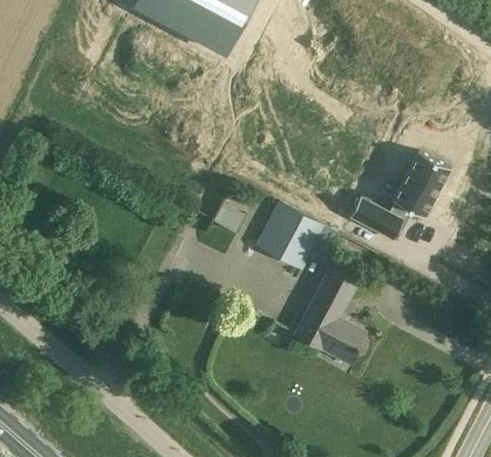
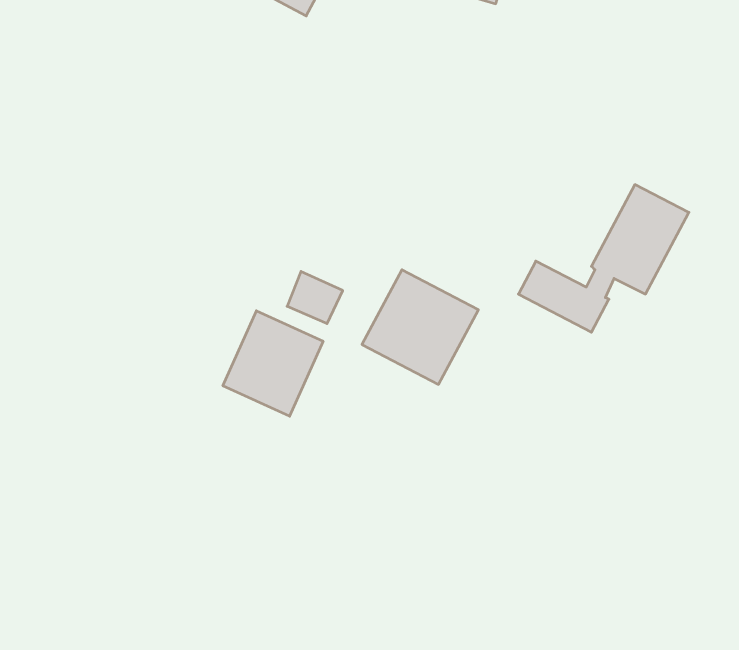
building: none -> [223,311,323,416]
building: [294,268,364,362] -> none

